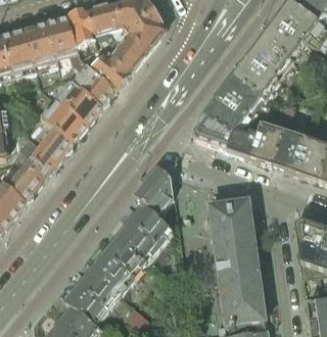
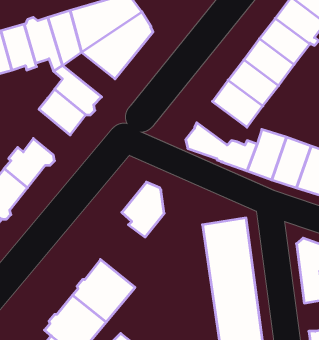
building: [81,48,129,89] -> none
building: [203,93,249,133] -> none
building: [40,100,88,142] -> none
building: [115,205,173,262] -> none

